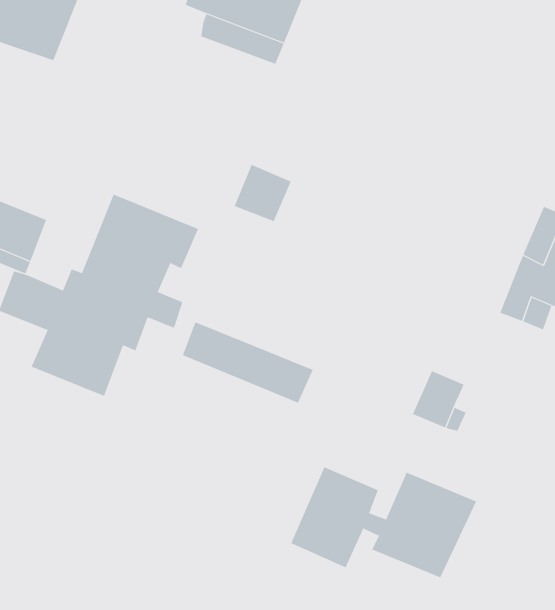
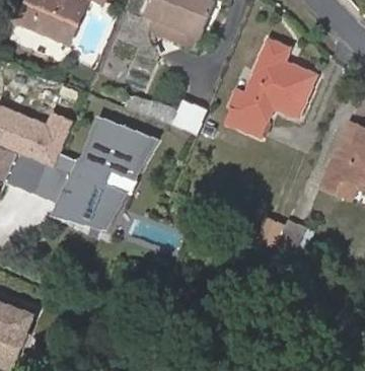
building: none -> [223,39,315,137]
building: [182,322,313,403] -> none
building: [290,466,477,578] -> none

